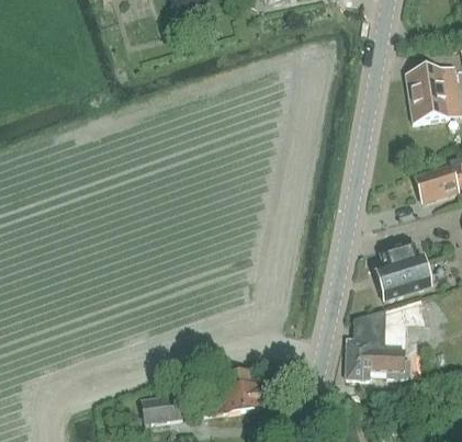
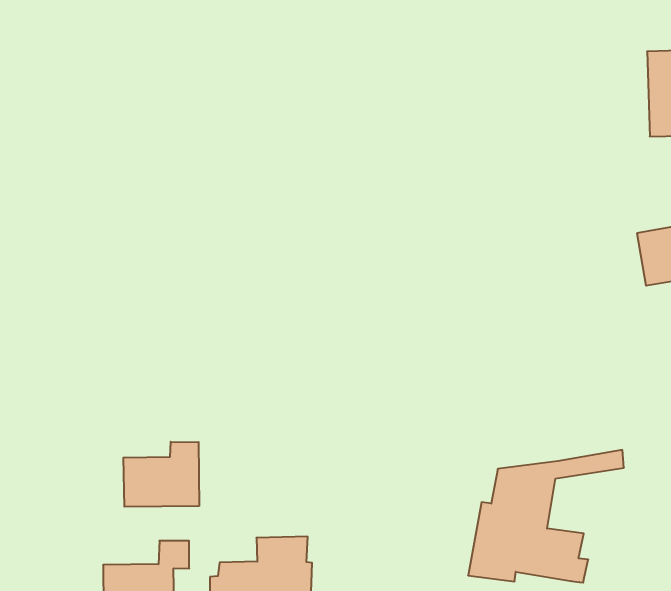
building: [375,243,432,301] -> none
building: none -> [123,442,199,507]

